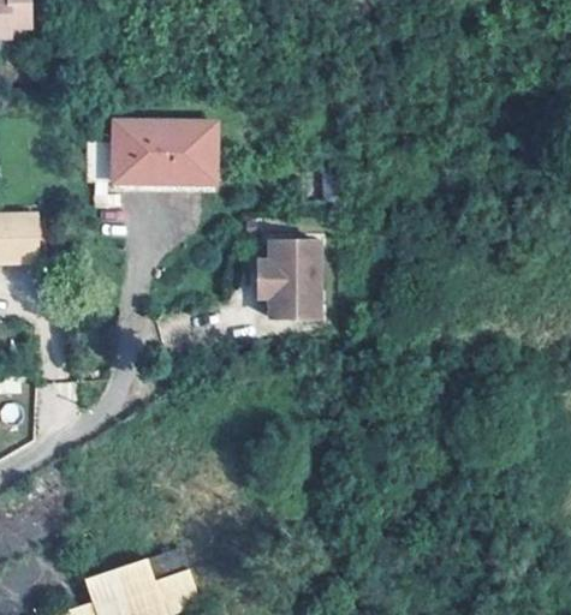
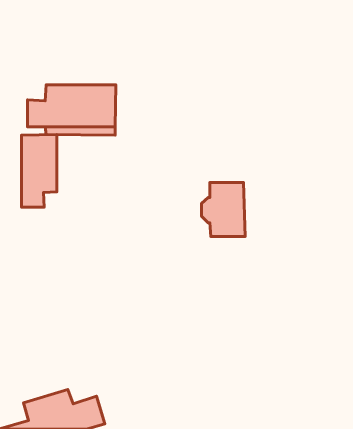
building: none -> [22,135,57,207]
building: [254,234,316,311] -> [202,183,245,236]

